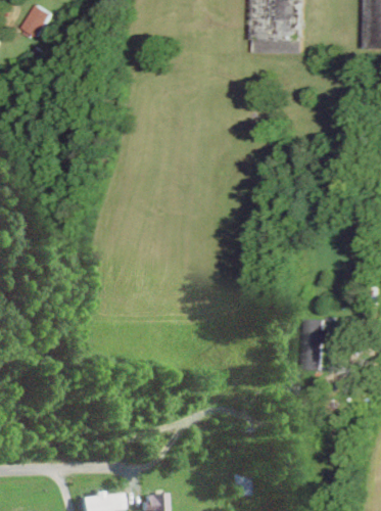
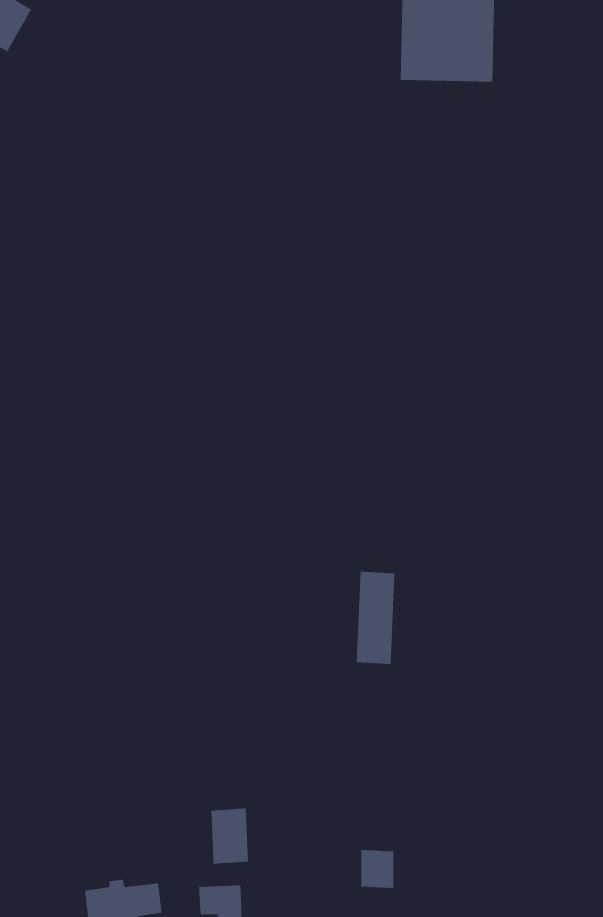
building: [301,317,323,368] -> [356,571,395,664]
building: none -> [211,808,249,865]

